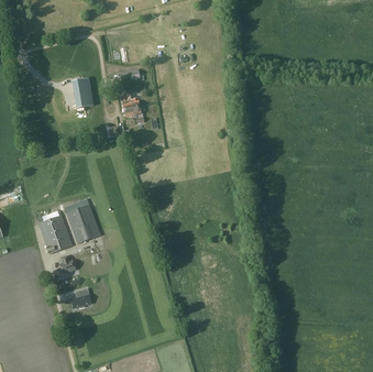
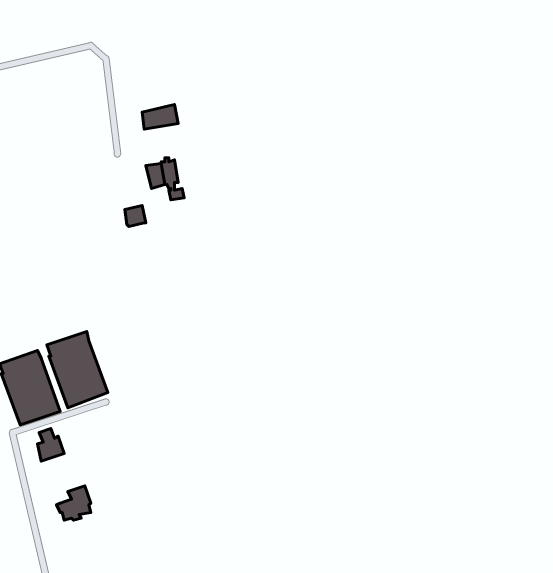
building: [73,77,94,107] -> none

